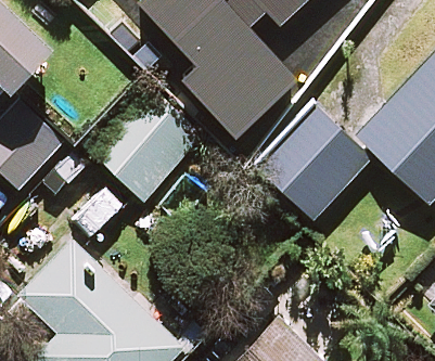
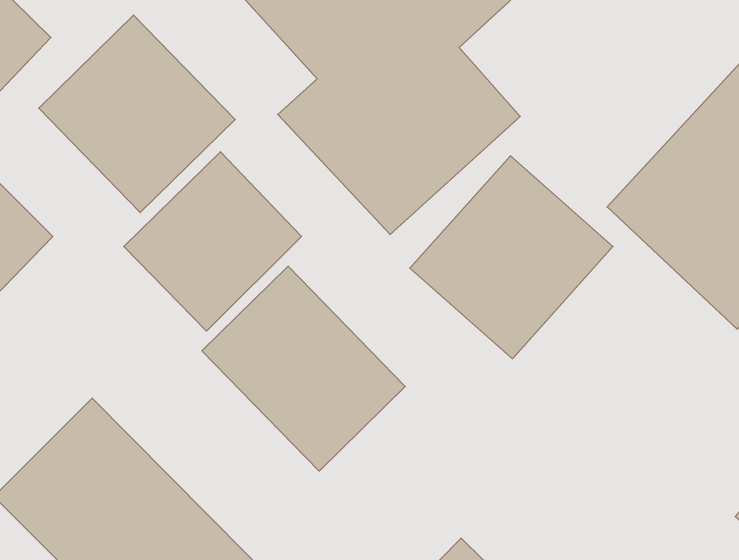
building: none -> [39,15,235,213]
building: none -> [202,266,405,471]

